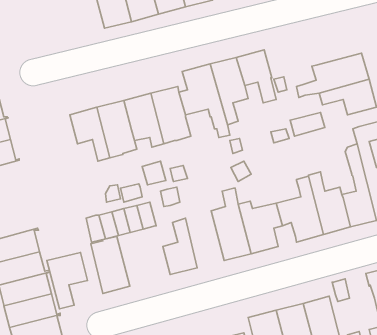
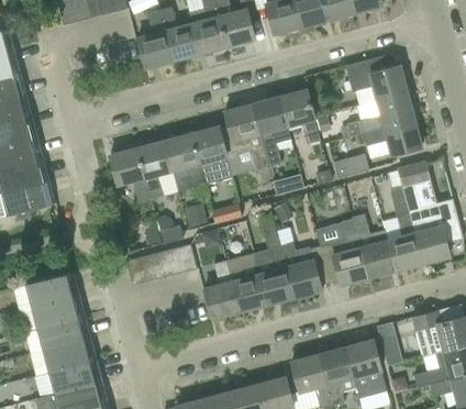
building: none -> [344,59,406,104]
building: [91,236,130,294] -> [226,253,266,311]
building: [47,253,88,309] -> none

